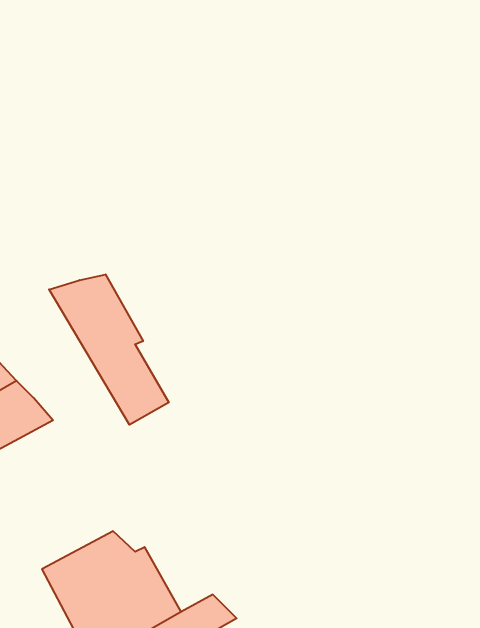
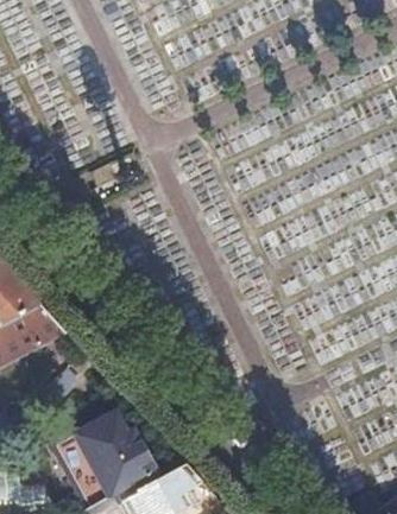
building: [49,274,169,425] -> none

